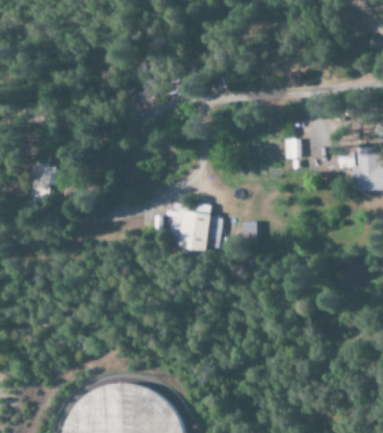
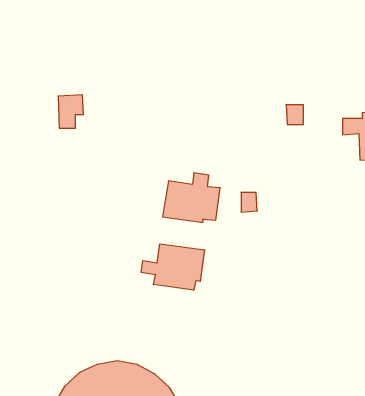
building: [33,167,57,199] -> [58,95,84,128]
building: none -> [141,244,205,290]

